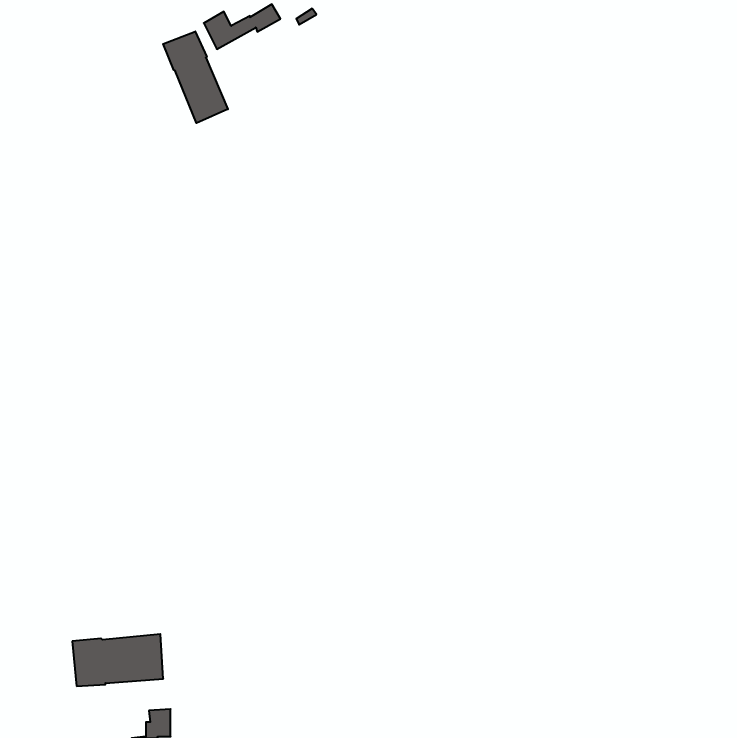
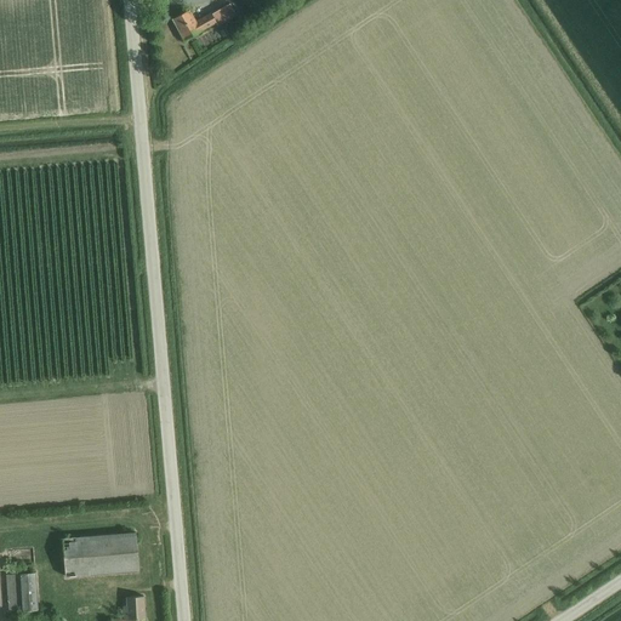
building: [163,31,228,123] -> none
building: none -> [5,572,38,611]

